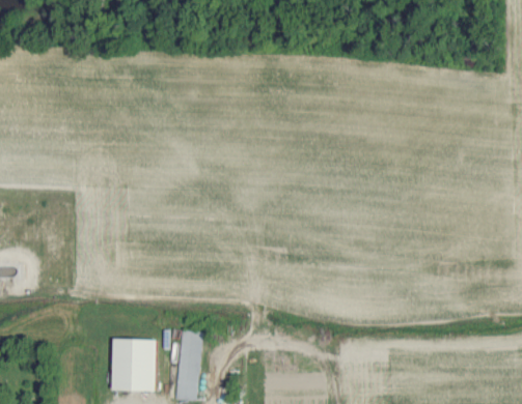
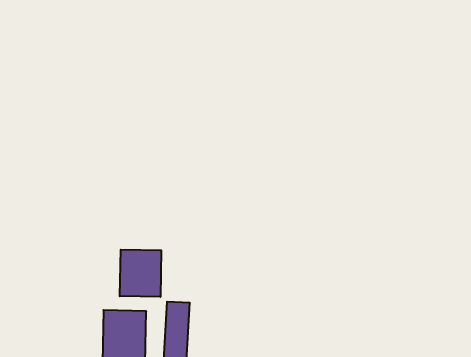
building: none -> [120,250,161,297]

